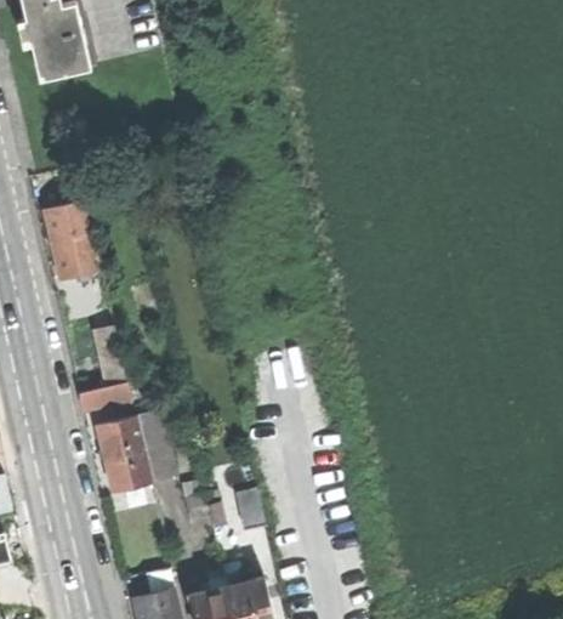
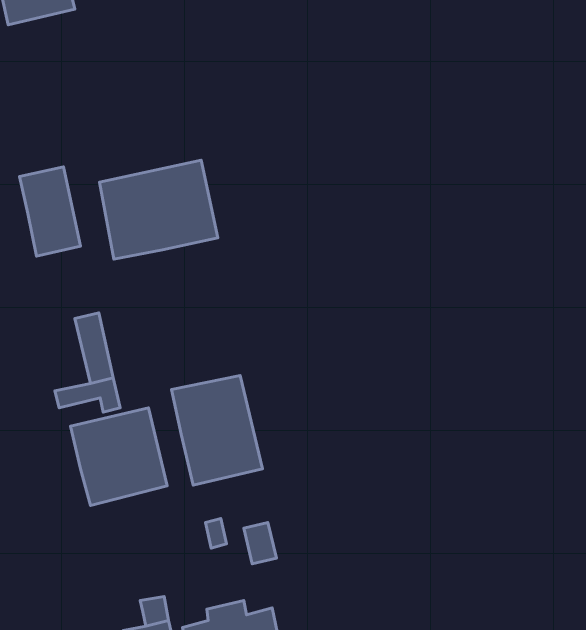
building: none -> [99,160,218,259]
building: none -> [172,375,262,485]

